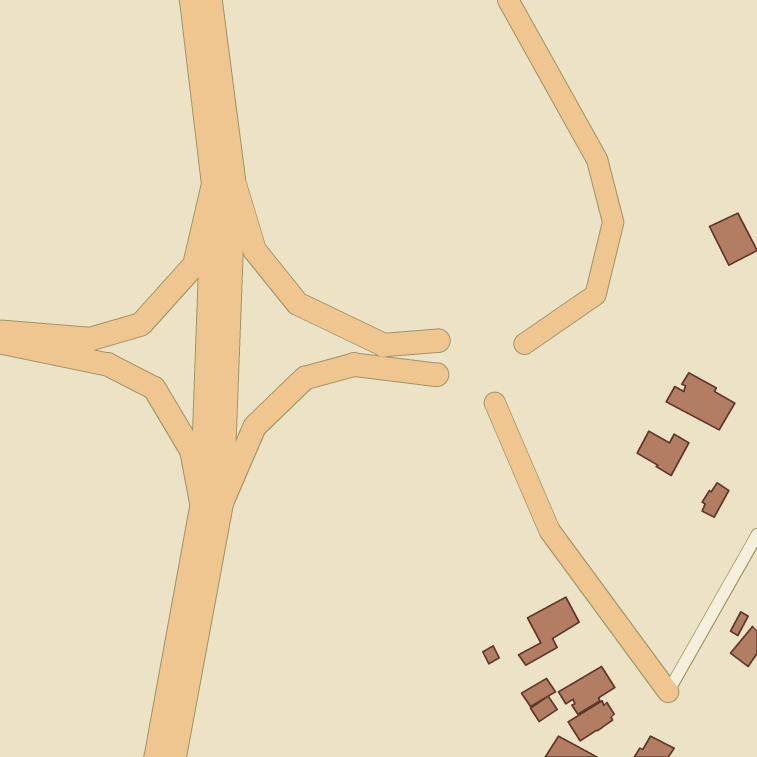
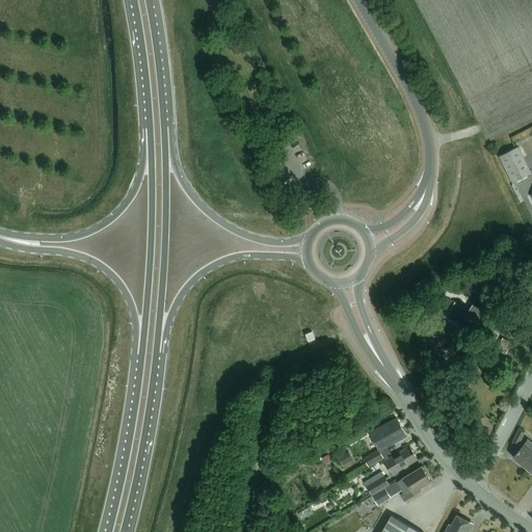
building: [666,373,735,430] -> none
building: [568,701,614,741] -> [383,448,416,476]

